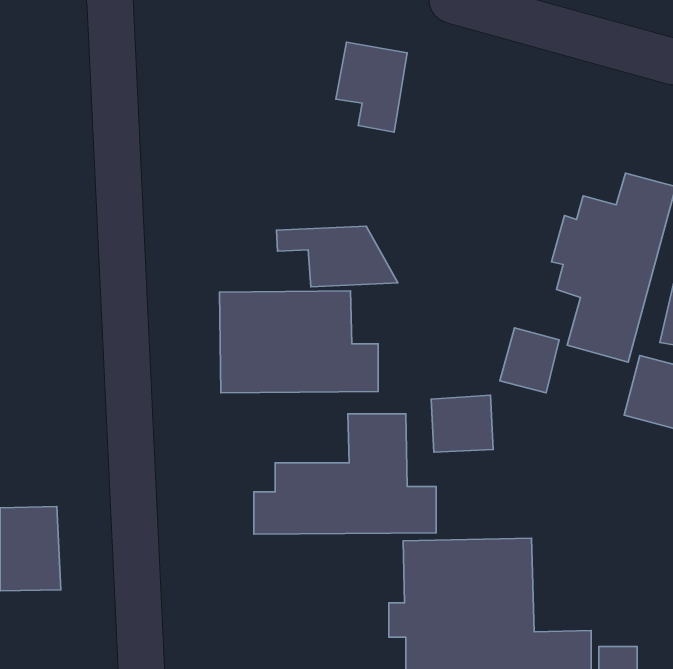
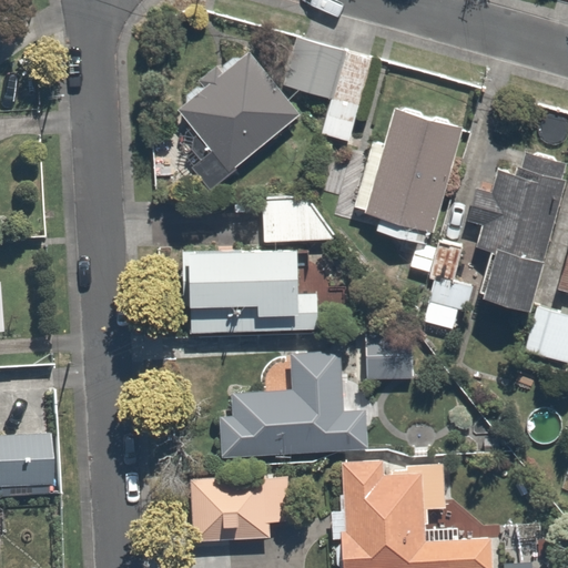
building: none -> [176,53,302,186]
building: none -> [351,110,457,274]
building: none -> [191,474,272,547]

